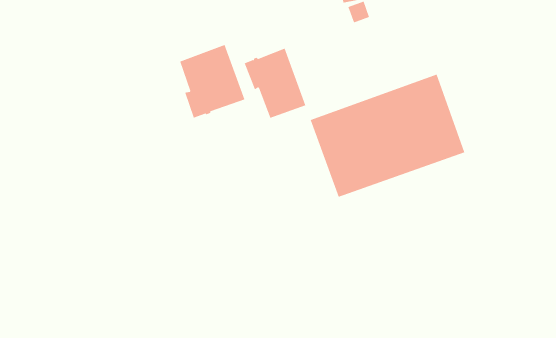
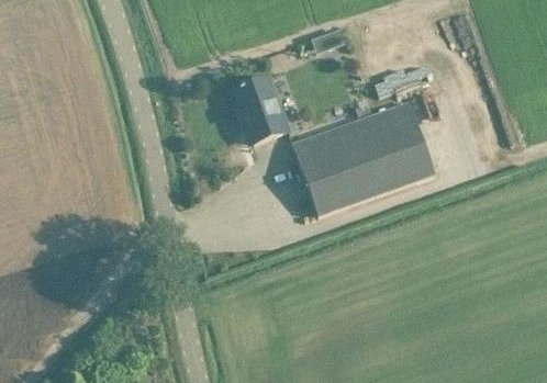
building: [179,44,245,119] -> none

